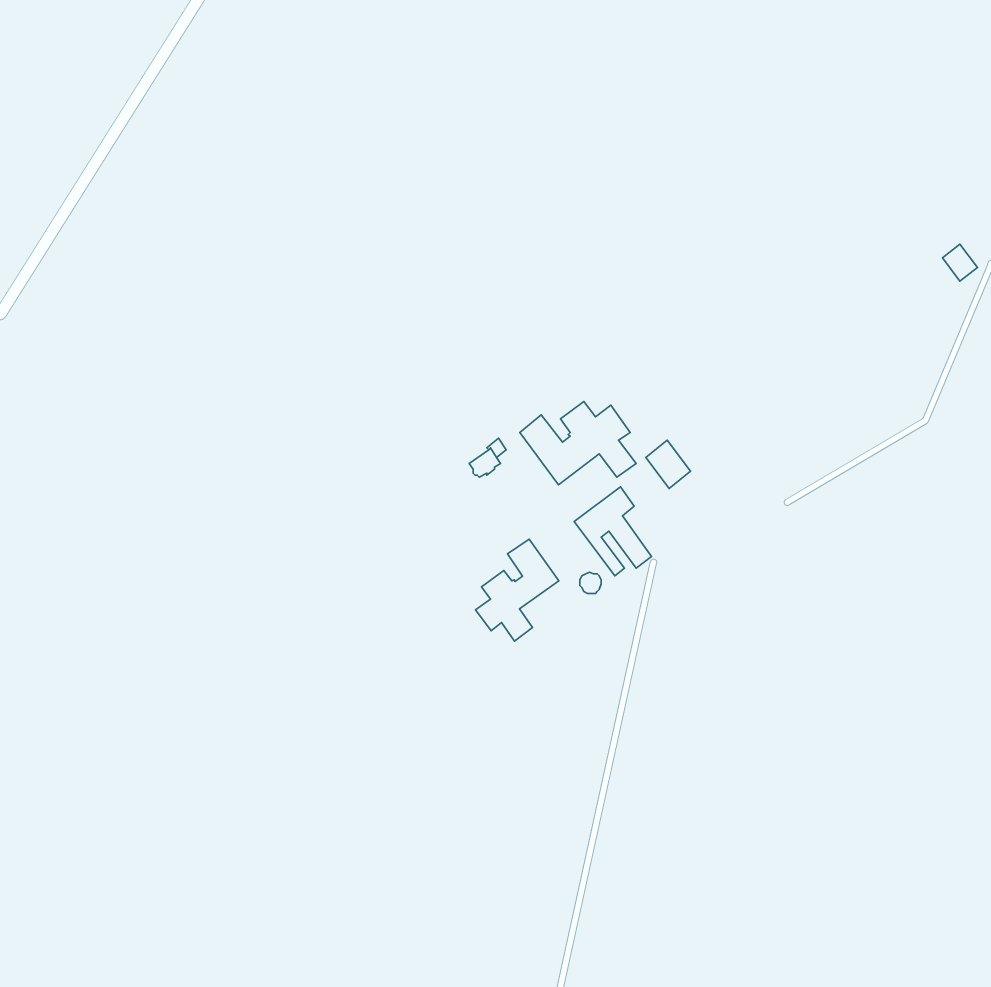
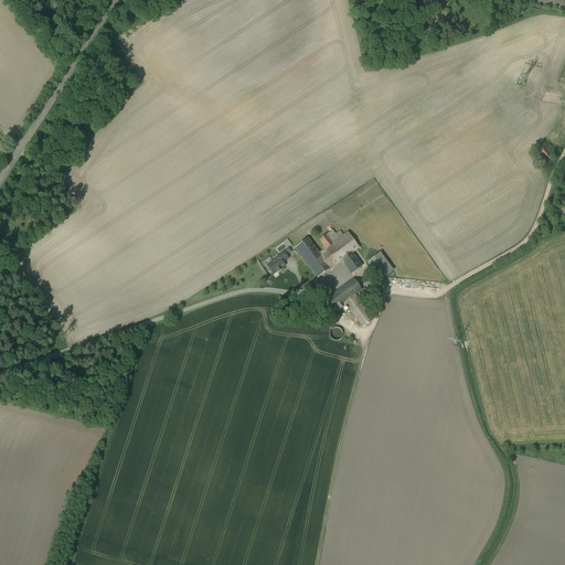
building: [475,539,559,641] -> none

